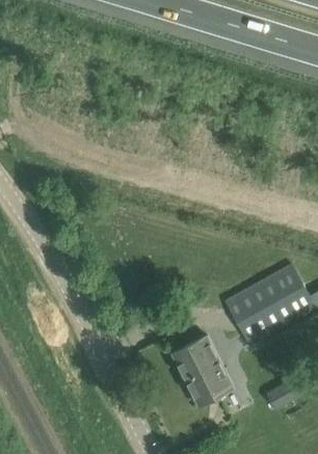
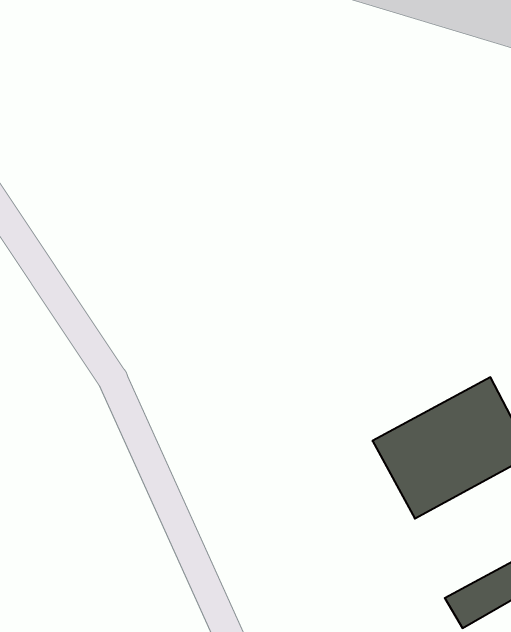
building: [171,336,234,406] -> none

